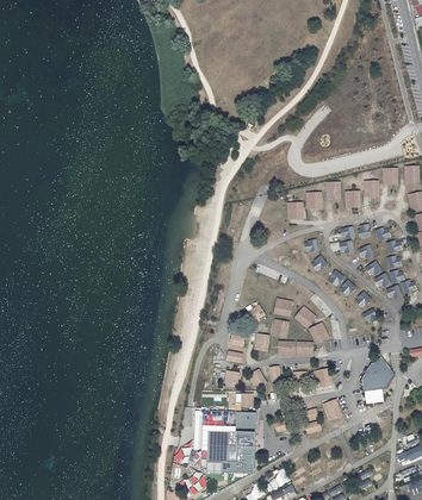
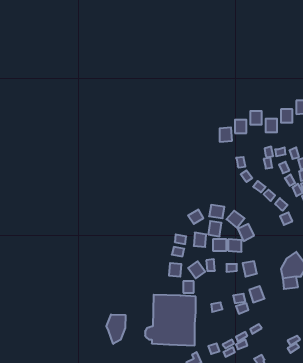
building: none -> [106,314,125,344]

